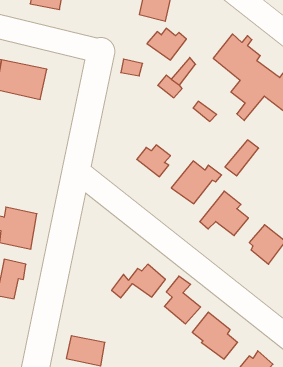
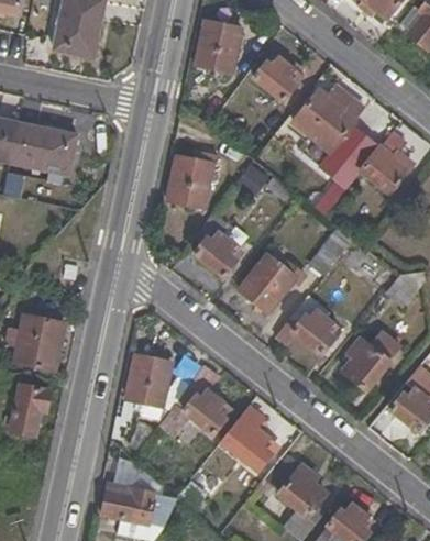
building: [147,28,186,60] -> [253,57,305,99]
building: none -> [167,156,212,206]
building: none -> [128,355,170,405]

